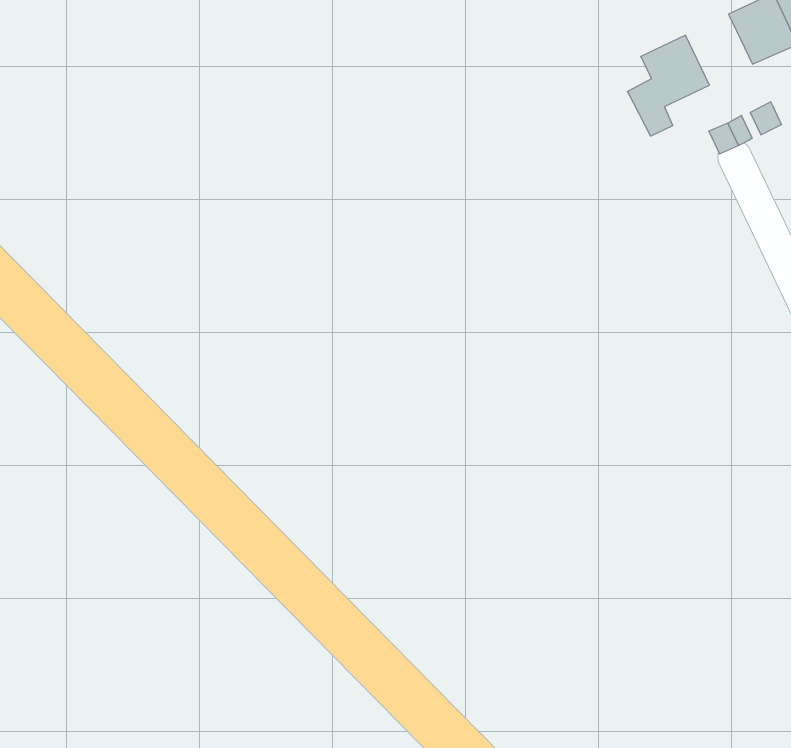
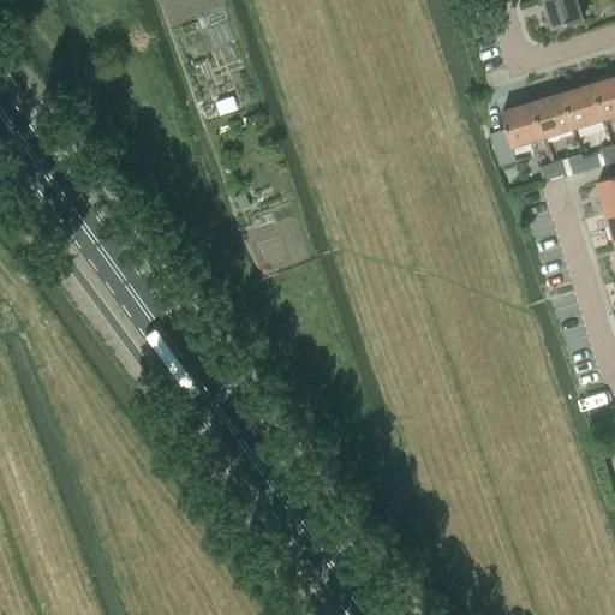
building: none -> [535,92,575,137]

